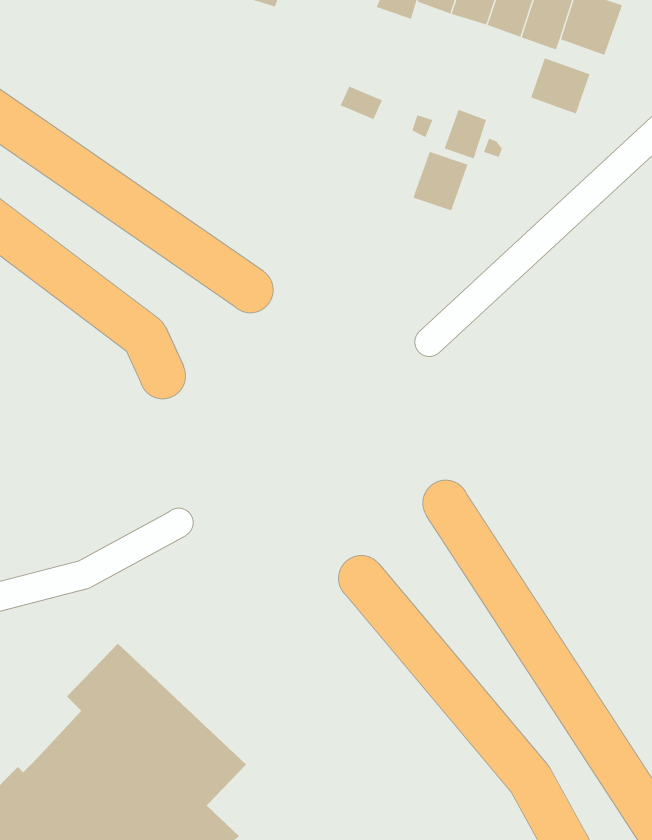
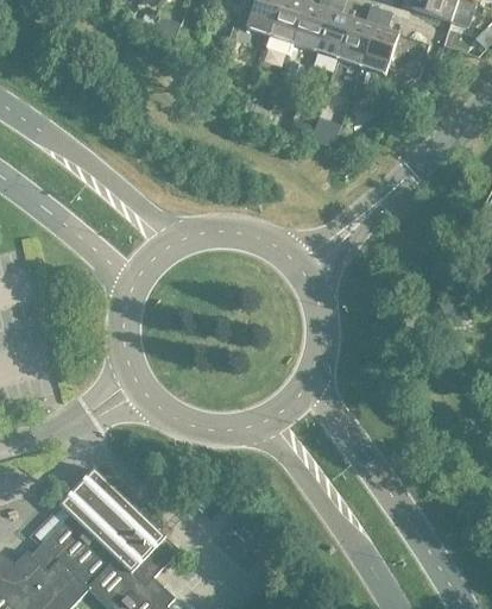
building: [531,57,590,114] -> none
building: [413,151,468,211] -> none

